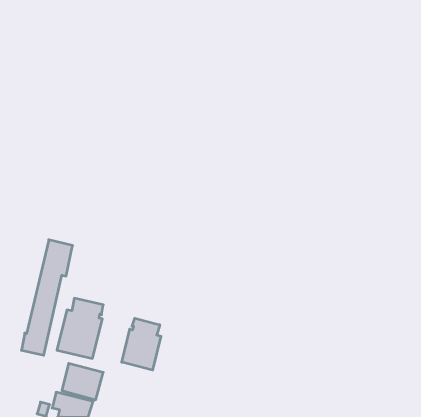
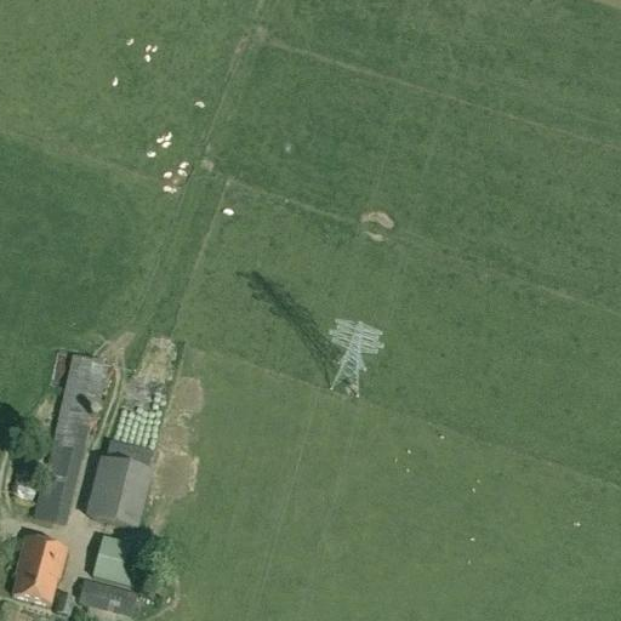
building: [122,318,161,370] -> none
building: none -> [13,539,68,605]

